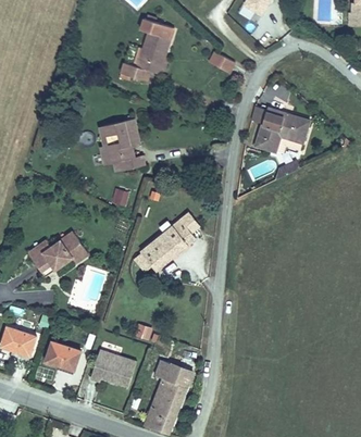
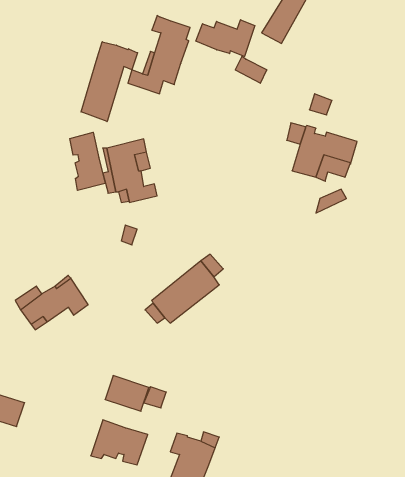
building: none -> [196,20,255,56]
building: none -> [81,42,138,122]
building: none -> [70,132,105,190]
building: [46,340,82,370] -> [105,376,149,411]

